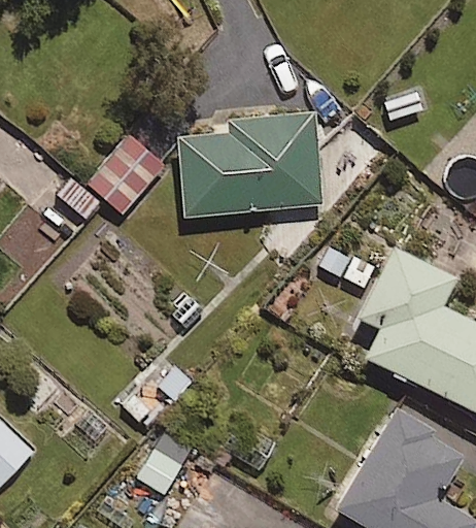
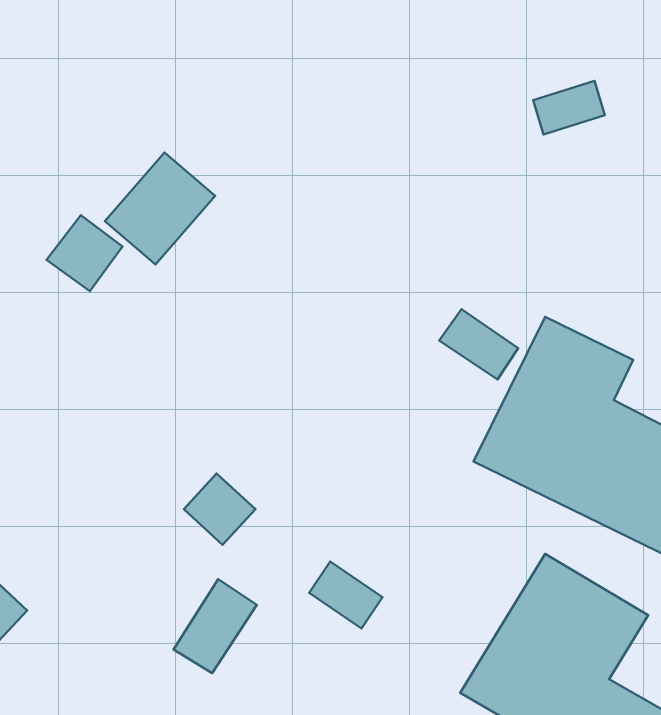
building: [179,113,322,217] -> none

